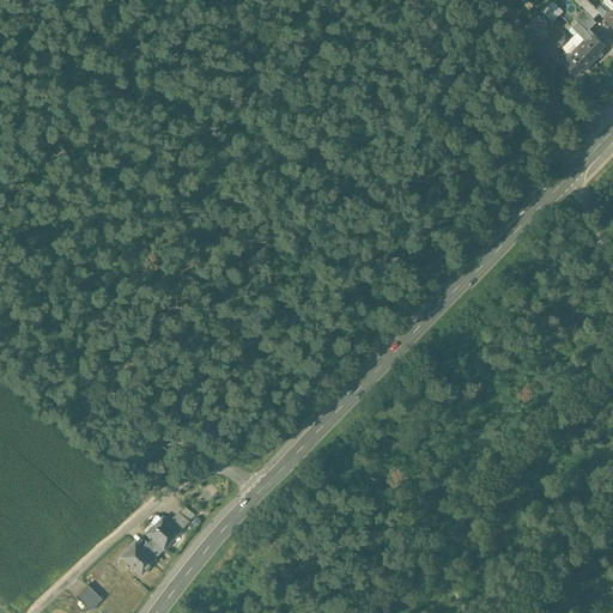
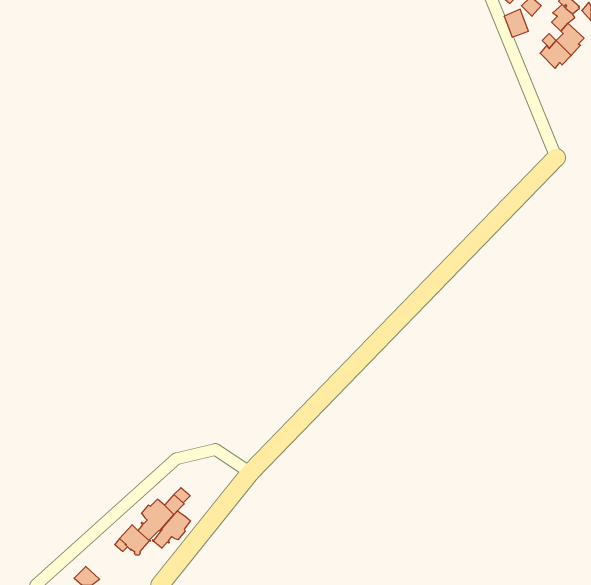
building: none -> [153,511,191,548]

